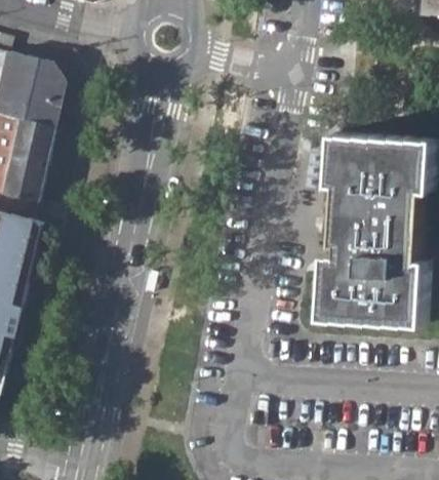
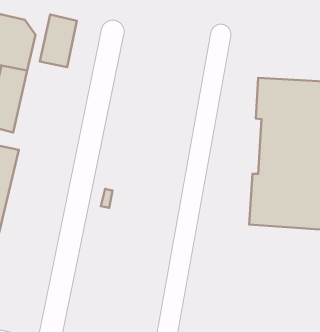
building: none -> [40,14,77,67]

